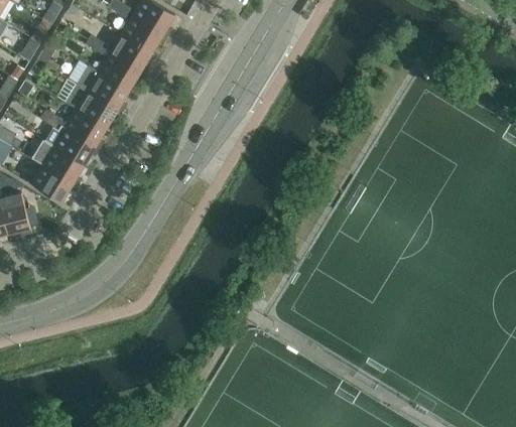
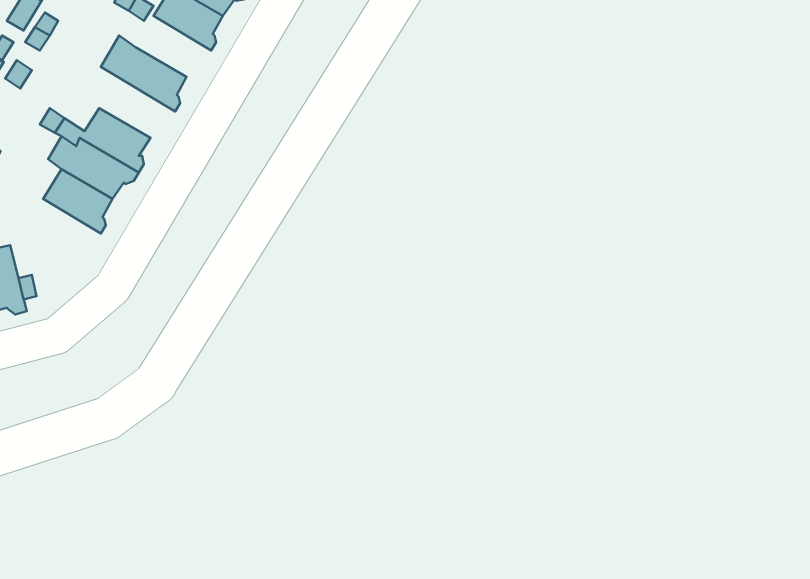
building: [98,52,144,90] -> none
building: [64,84,122,127] -> none
building: [29,164,77,202] -> none

